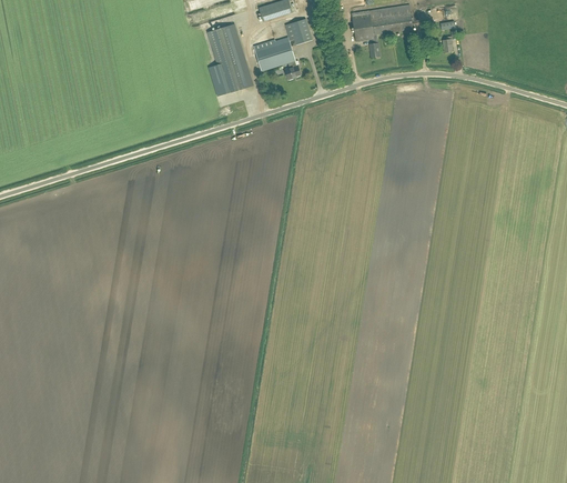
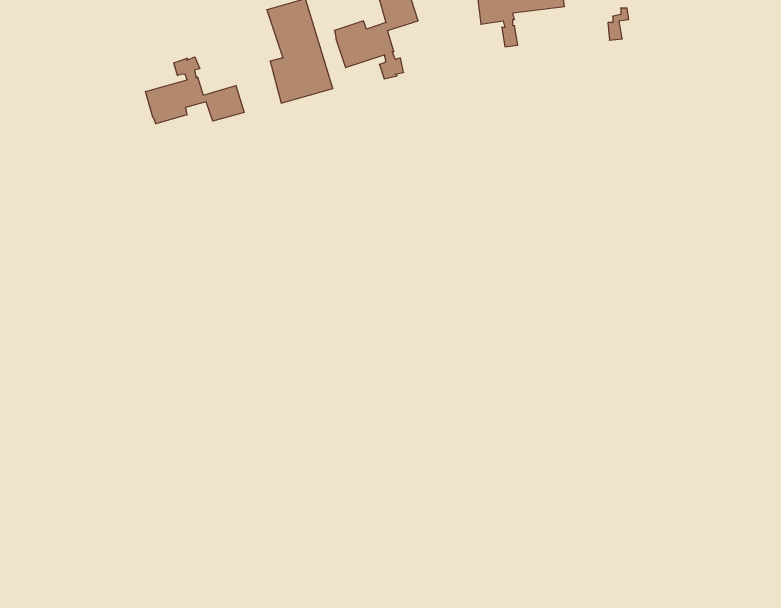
building: none -> [146,57,244,124]

